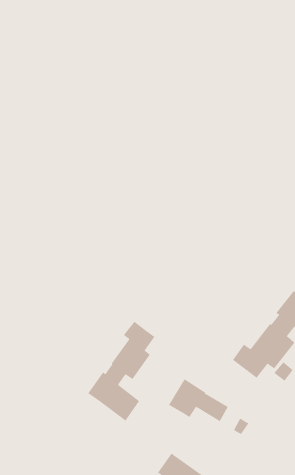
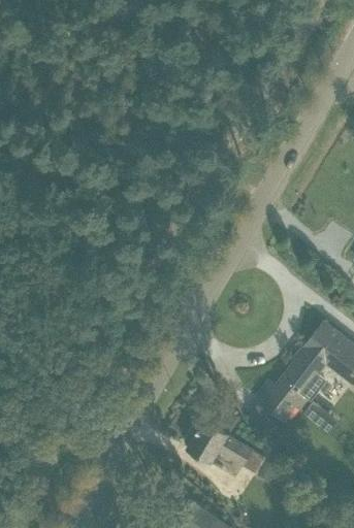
building: [88,321,155,421] -> none

